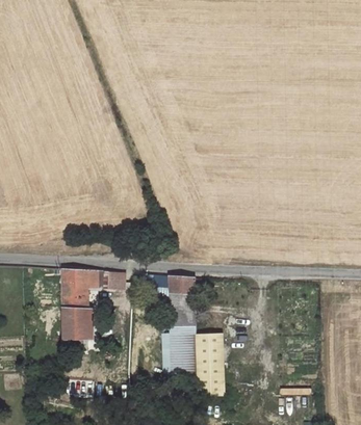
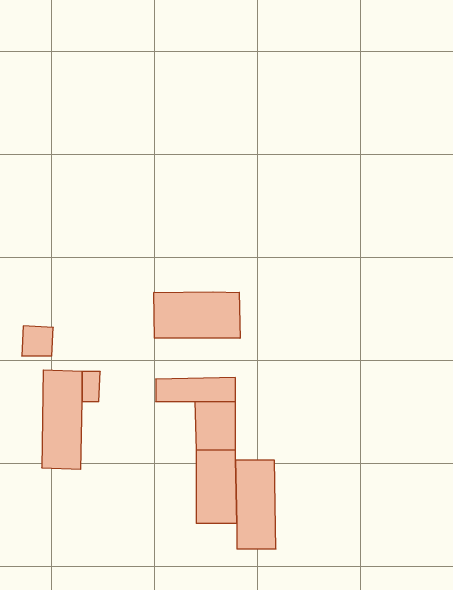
building: none -> [154,292,240,338]
building: [102,270,124,291] -> [22,326,53,356]

